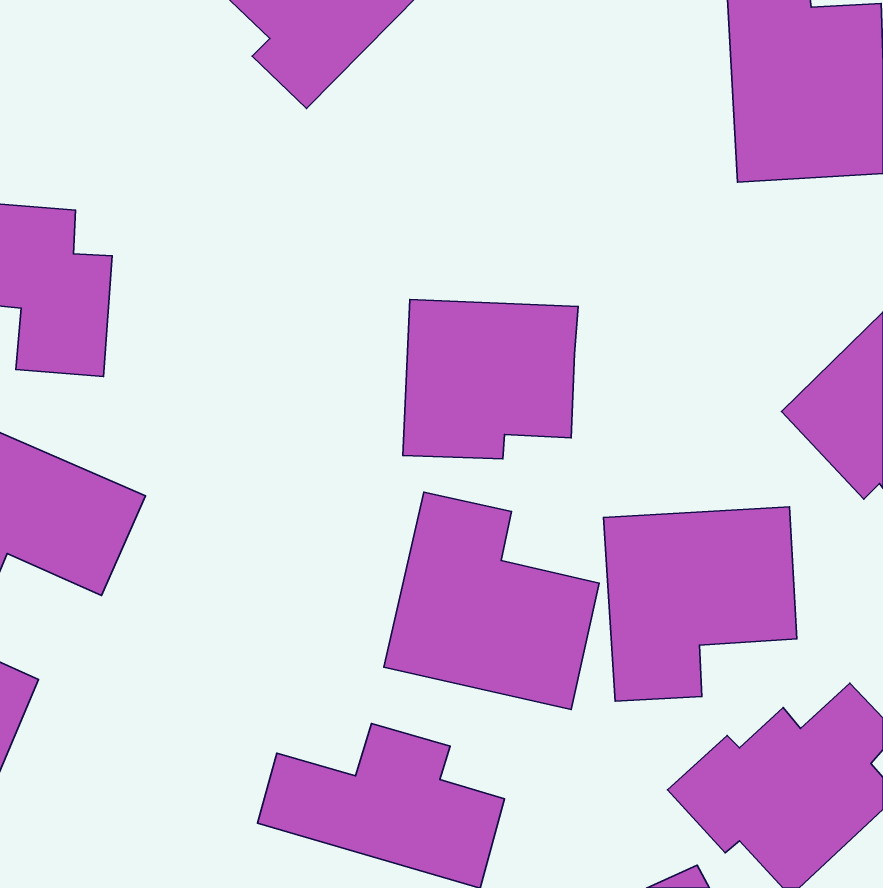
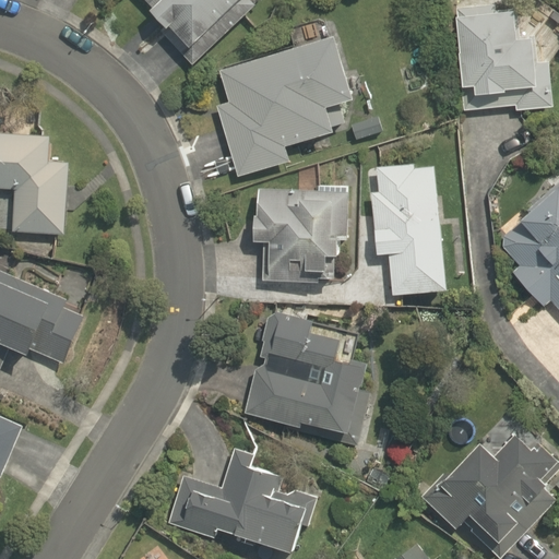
building: none -> [211,35,366,177]
building: none -> [368,158,453,296]
building: [604,507,797,701] -> none

